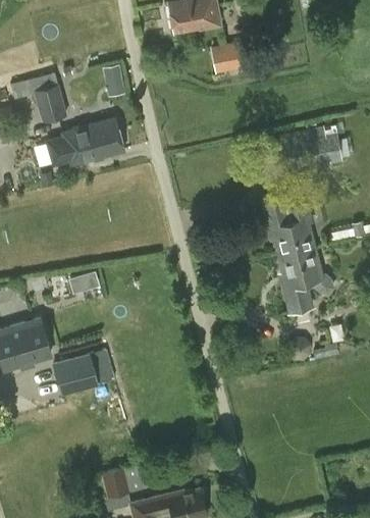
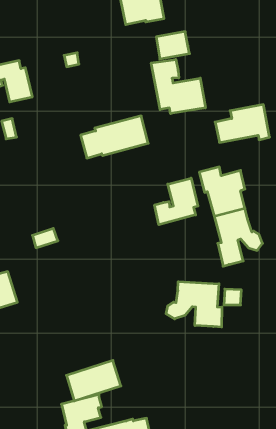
building: none -> [151,59,205,114]
building: [46,118,124,167] -> [81,116,148,158]
building: none -> [155,178,198,225]
building: none -> [166,282,222,327]
building: [52,349,115,396] -> [66,360,121,401]

